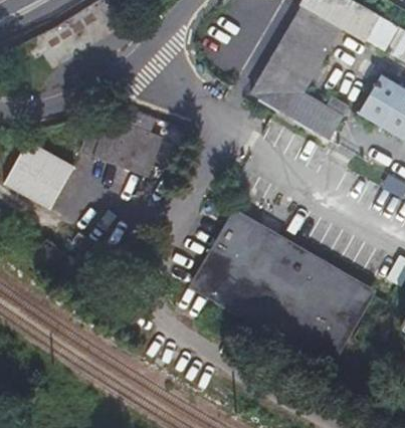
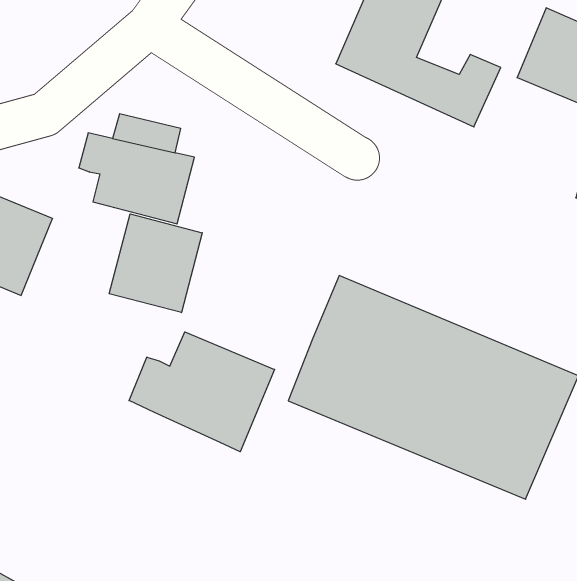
building: none -> [109,214,202,313]
building: none -> [129,332,275,452]

